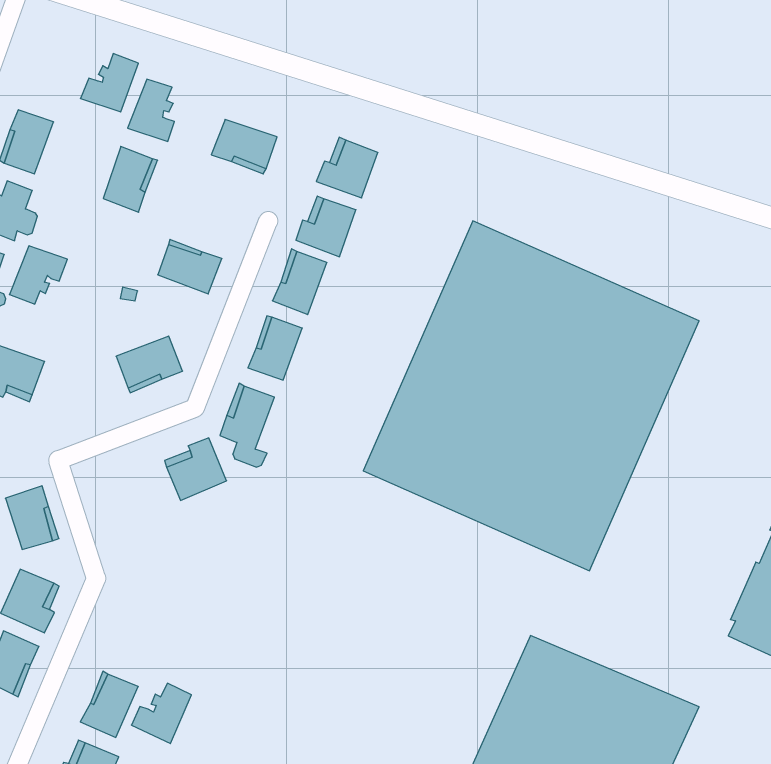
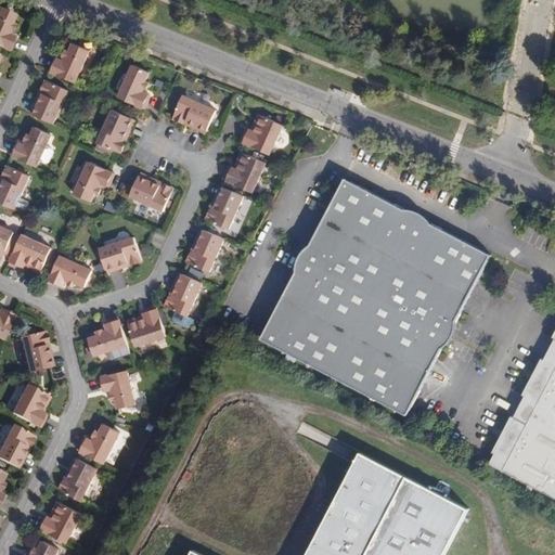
building: [80,54,138,112] -> [48,43,88,82]
building: [9,246,67,304] -> [73,163,113,202]
building: none -> [47,256,91,288]
building: none -> [87,319,129,360]
building: none -> [99,370,134,410]
building: [131,683,191,744] -> [77,424,118,464]

